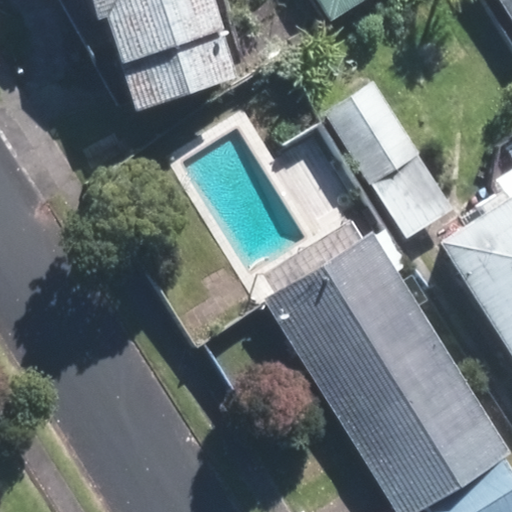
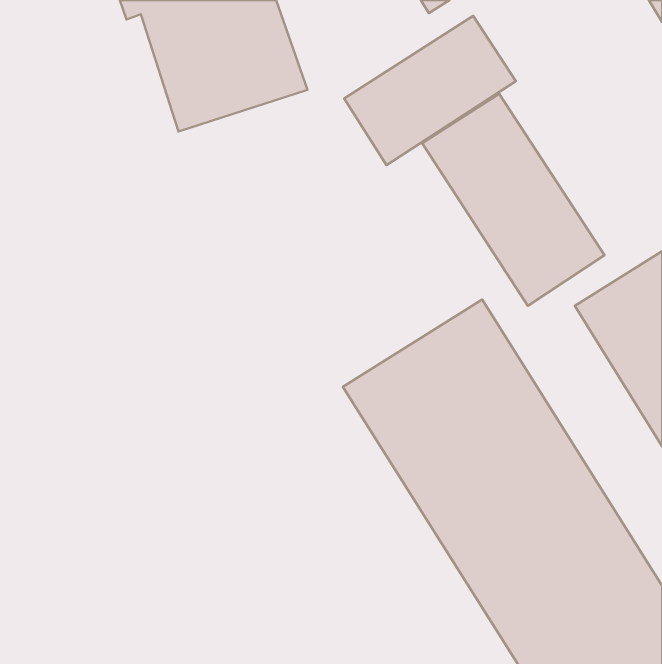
building: none -> [344,16,516,165]

